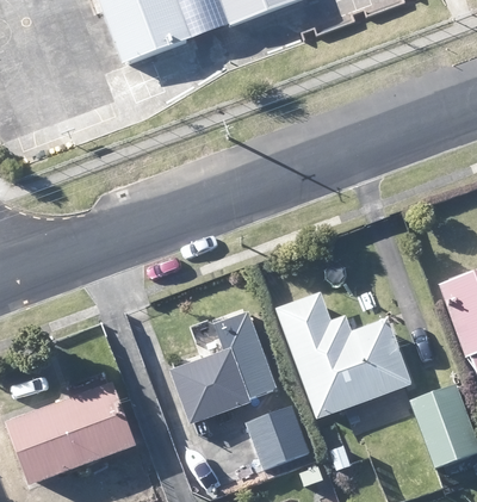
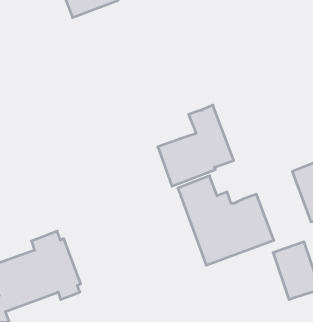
building: [169,308,278,423] -> [158,105,234,186]
building: [246,403,309,477] -> none

